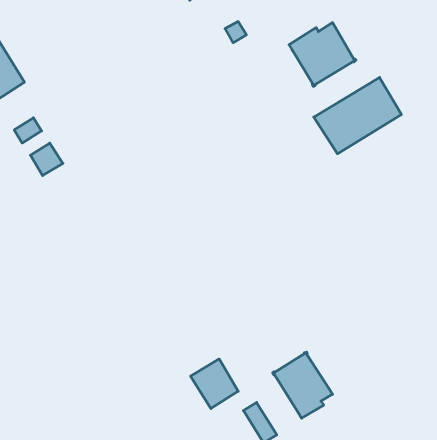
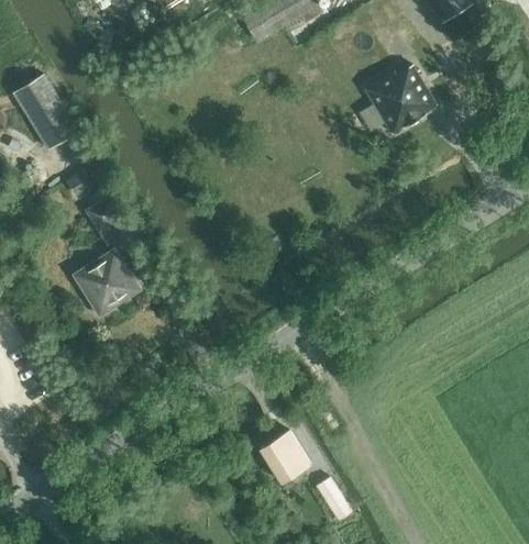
building: [314,77,401,154] -> none
building: none -> [71,247,141,317]
building: [273,352,333,418] -> none

